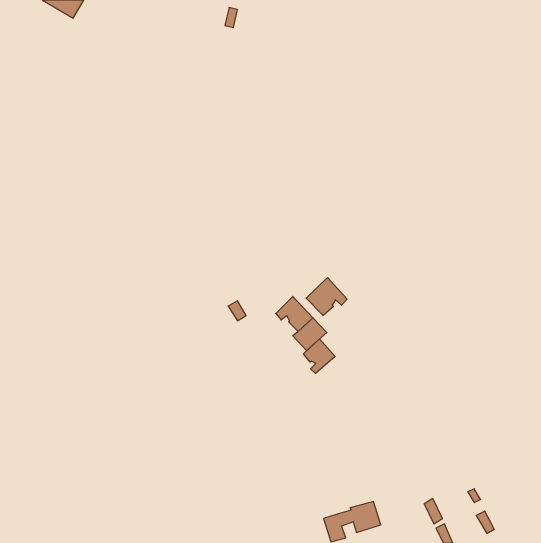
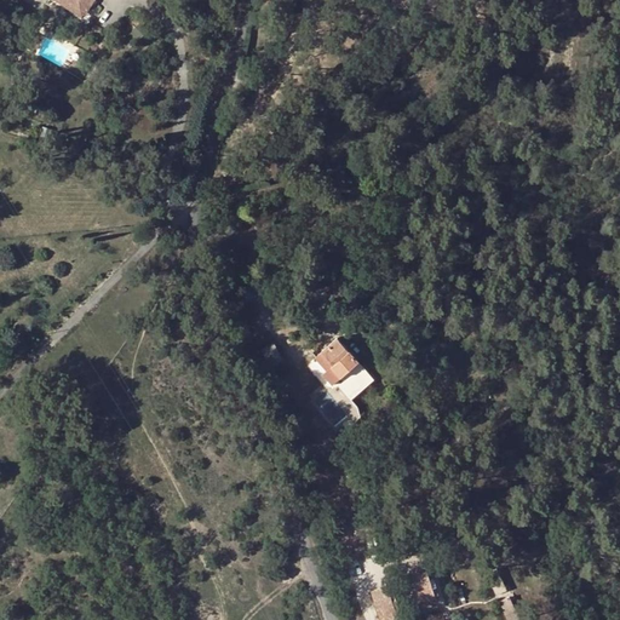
building: [306,278,347,316] -> none
building: [303,339,335,373] -> none

